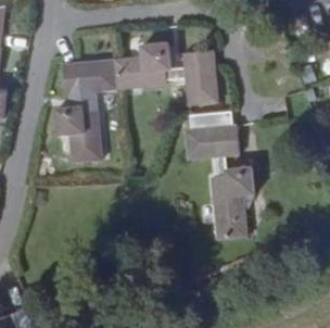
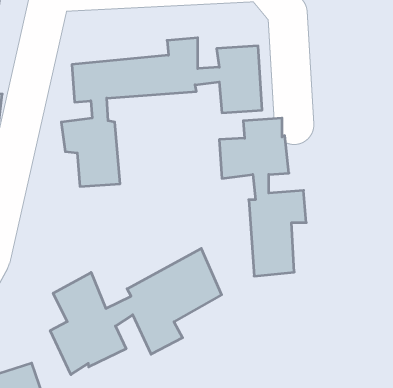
building: none -> [50,248,222,375]

